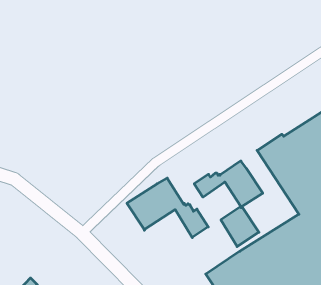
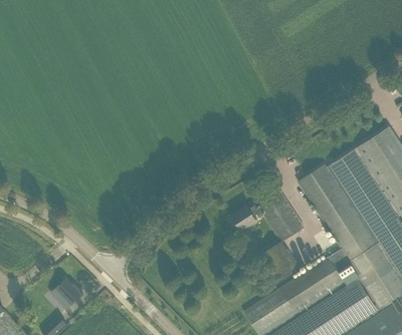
building: [127,178,208,238] -> none
building: none -> [55,279,82,308]

